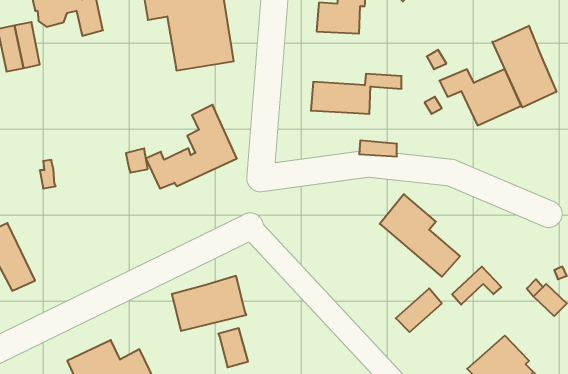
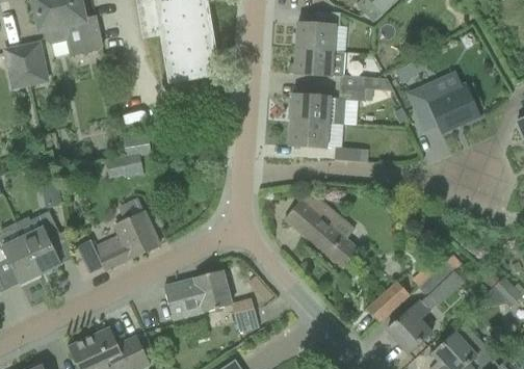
building: [492,26,556,107] -> none
building: none -> [294,48,394,89]
building: [146,105,237,188] -> [77,196,159,272]
building: none -> [289,120,329,148]
building: [380,194,460,277] -> [286,191,359,266]
building: none -> [16,210,61,273]
building: none -> [386,298,431,353]
building: [218,328,248,367] -> [231,297,258,333]

